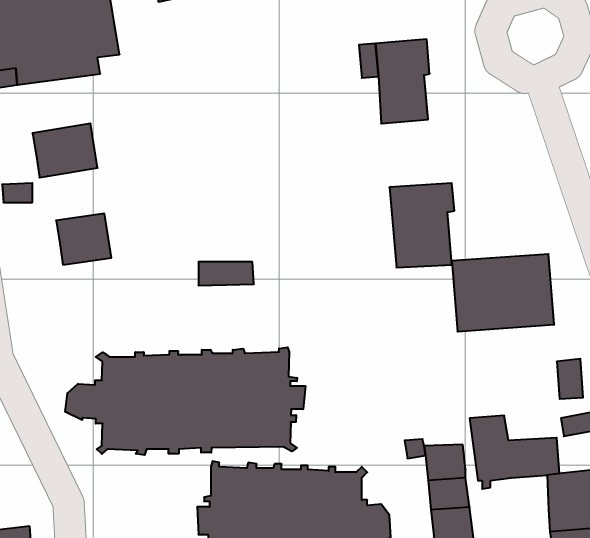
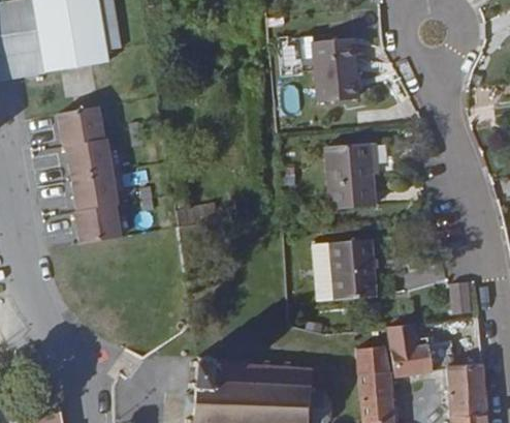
building: none -> [72,137,115,176]
building: [452,254,554,332] -> [295,246,372,304]
building: none -> [74,204,124,243]
building: [65,347,305,455] -> none

